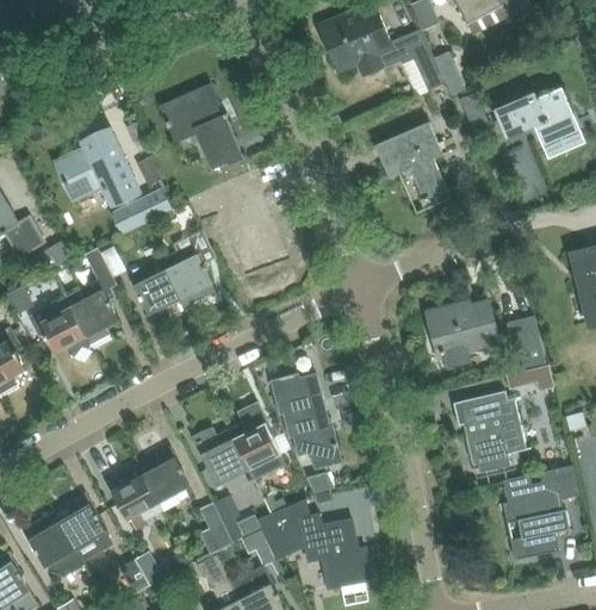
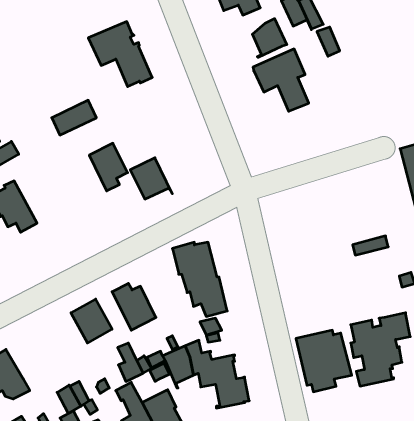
building: [493,81,579,149] -> none
building: none -> [252,19,287,57]
building: [56,130,139,205] -> none
building: [64,247,117,348] -> none
building: [130,260,185,313] -> [130,158,172,199]
building: [427,301,498,367] -> none
building: [505,316,546,369] -> none
building: [458,391,530,471] -> [296,330,352,392]
building: [229,403,287,480] -> none
building: [106,465,160,528] -> none
building: [54,493,108,550] -> none

